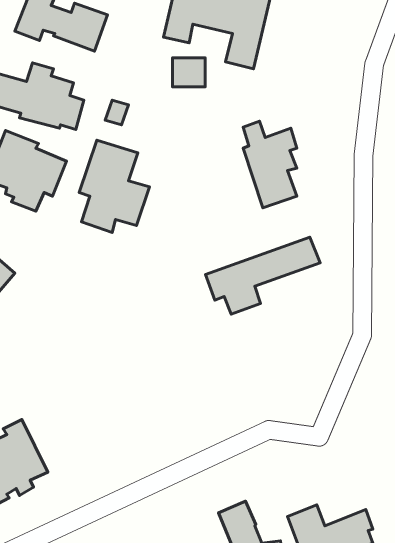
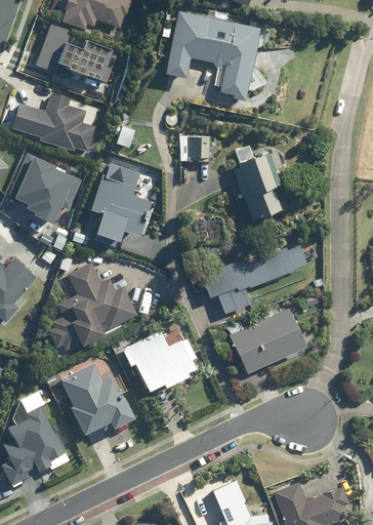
building: [173,58,205,87] -> [180,135,209,161]
building: none -> [47,264,136,351]
building: none -> [232,311,305,373]
building: none -> [122,331,195,390]
building: none -> [60,366,134,436]

